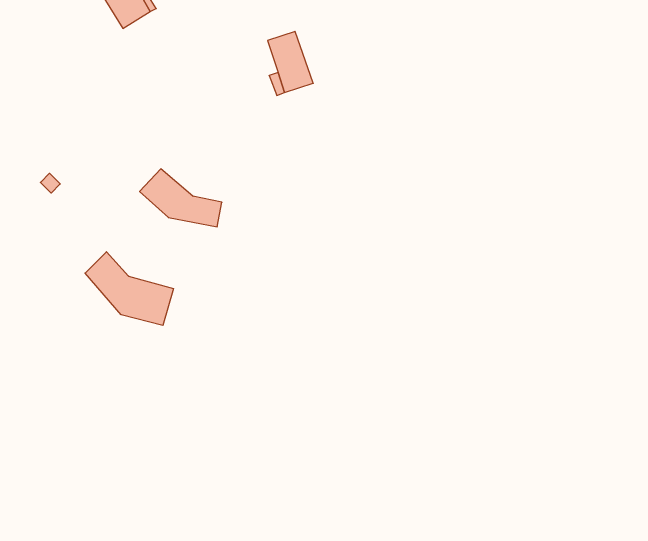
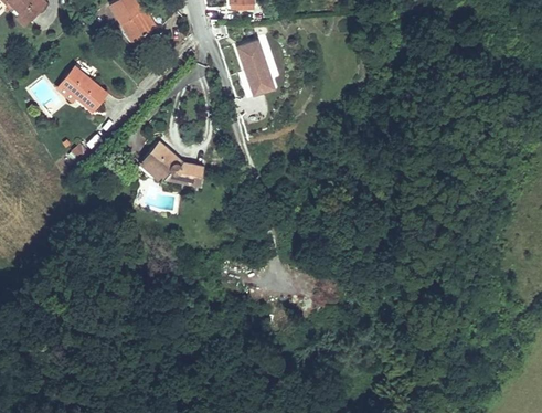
building: none -> [61,67,105,110]
building: [85,252,174,325] -> none

